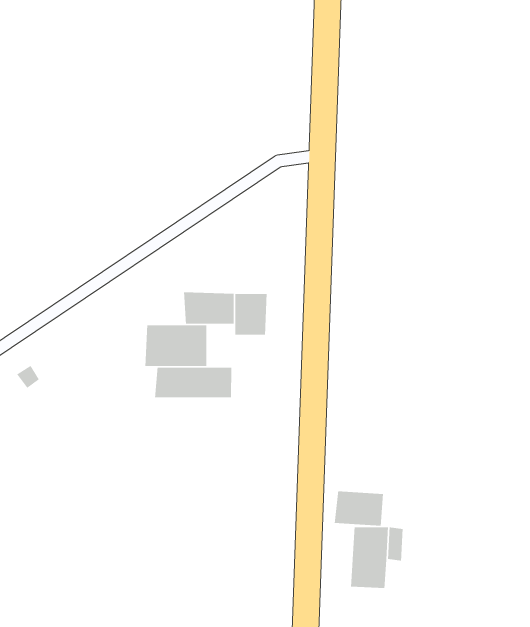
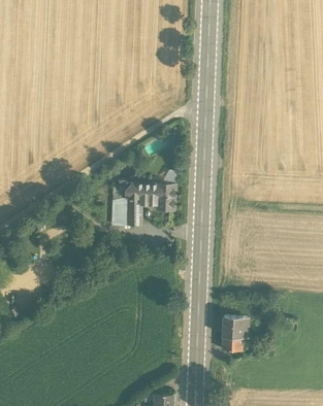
building: [154,367,232,398] -> none
building: [334,491,384,527] -> none

